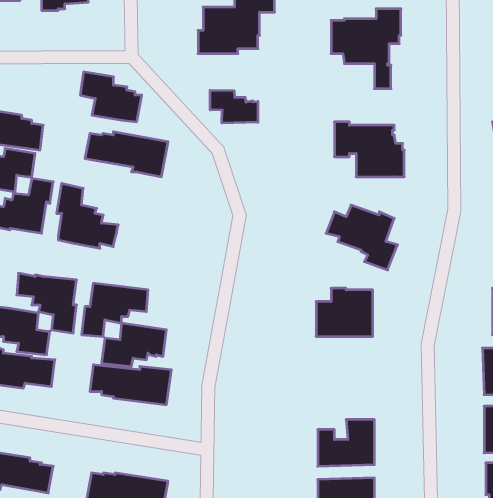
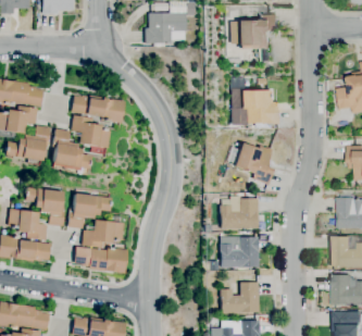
building: [80,72,142,122] -> [71,115,111,148]
building: [210,90,258,123] -> none
building: none -> [222,237,259,267]

